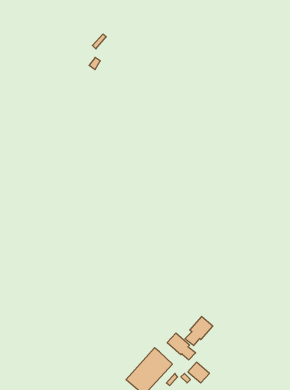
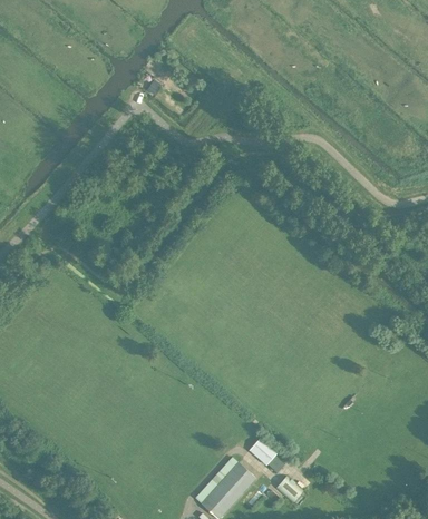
building: [185,316,213,346] -> none

